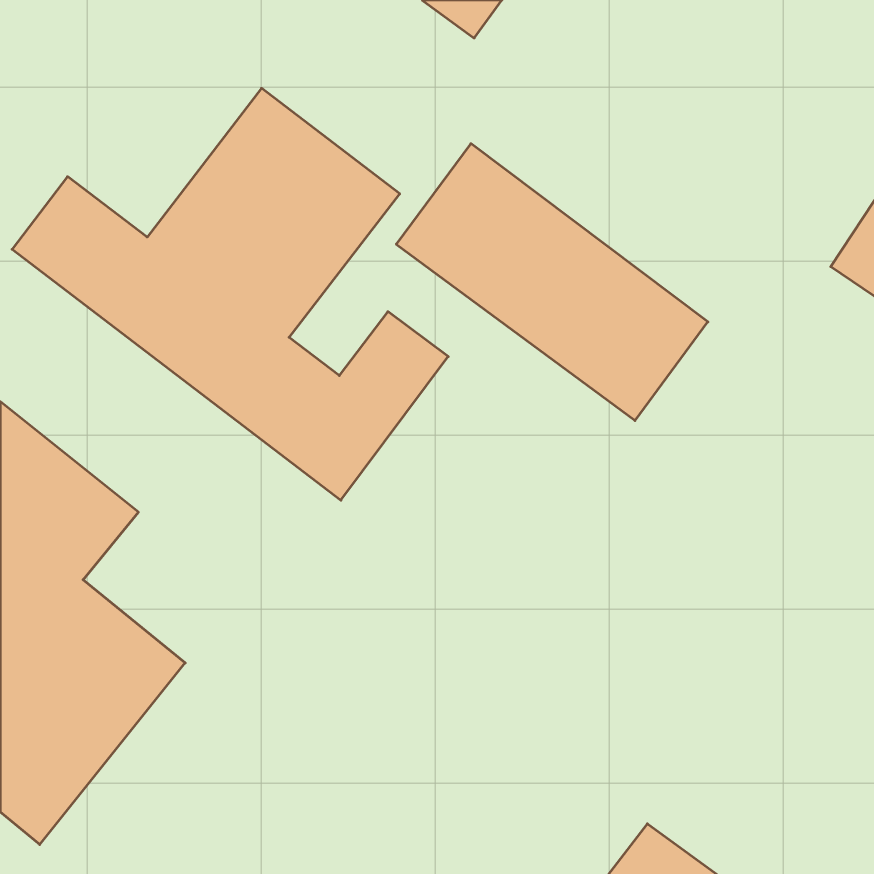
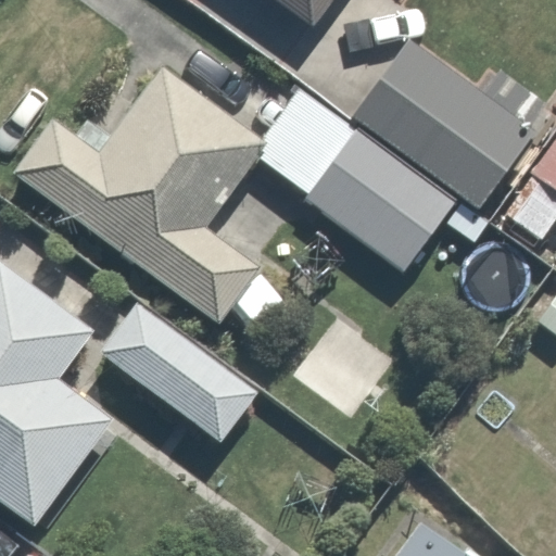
building: none -> [352,41,527,204]
building: none -> [96,305,248,441]

